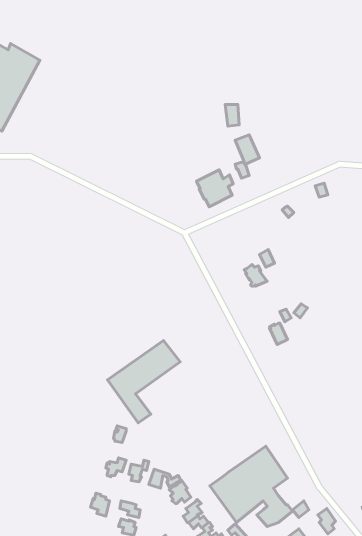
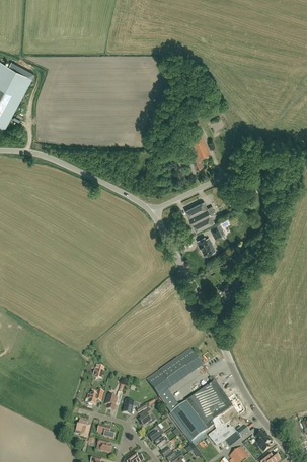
building: [196,170,233,207] -> [185,202,215,232]
building: [108,340,180,423] -> [146,348,204,413]

